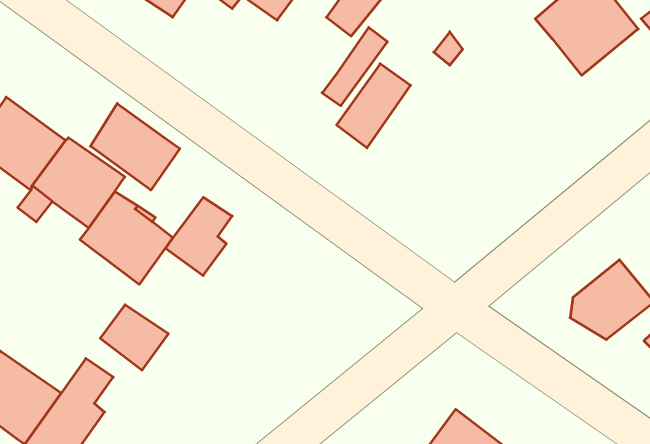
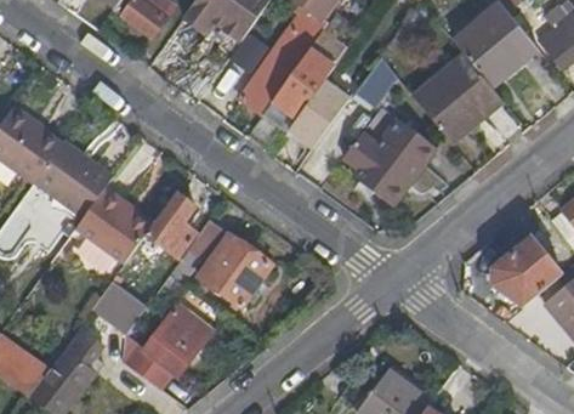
building: none -> [237,39,300,113]
building: none -> [417,57,504,146]
building: [90,103,180,190] -> none
building: none -> [346,119,439,208]
building: none -> [188,212,275,305]
building: none -> [126,304,212,389]

